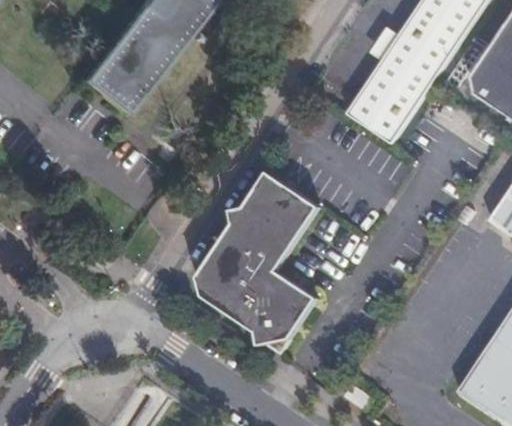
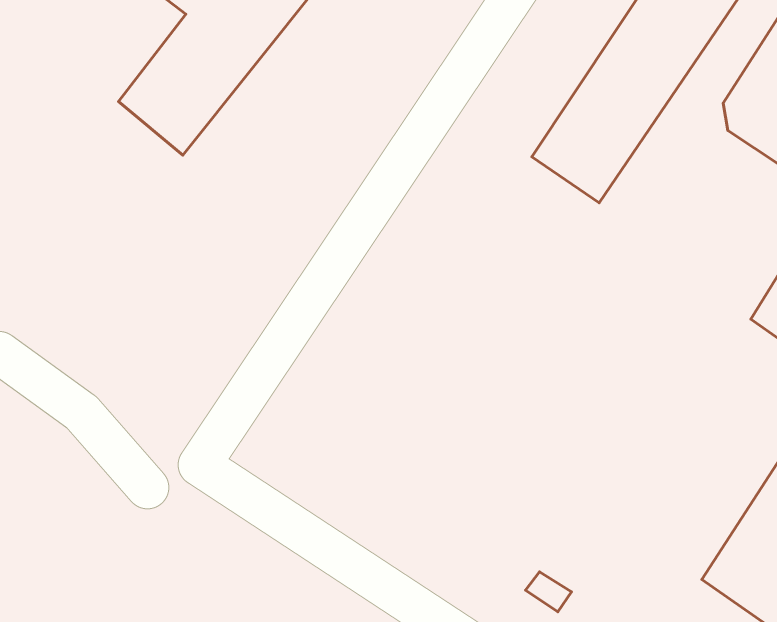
building: [199,168,322,350] -> none

